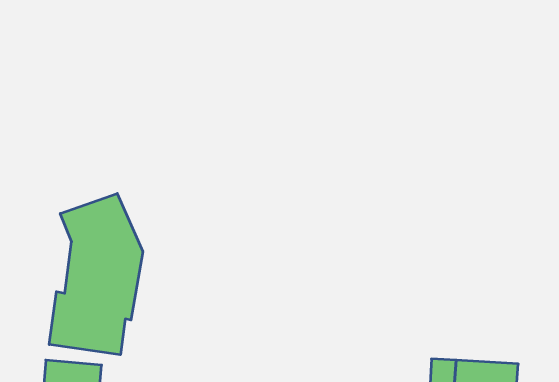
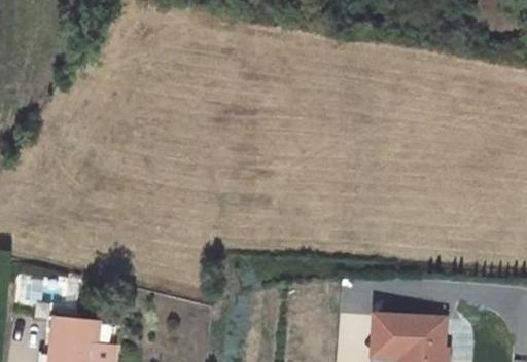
building: [49,193,143,355] -> none

